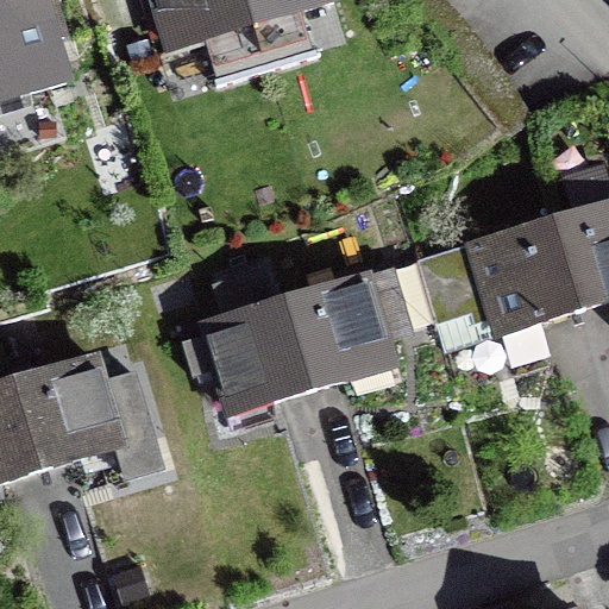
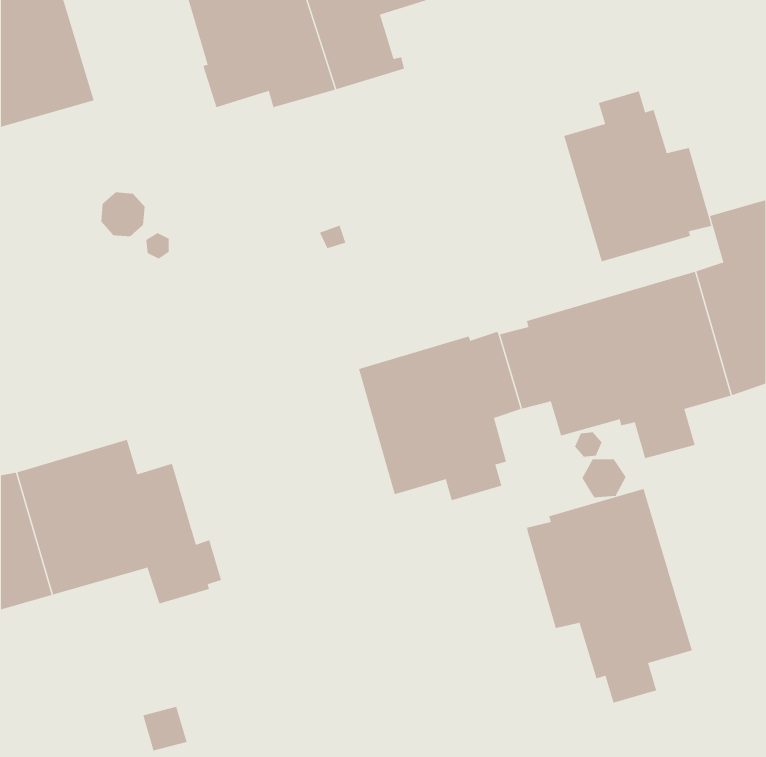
building: none -> [564,91,712,262]
building: [178,265,313,428] -> none
building: none -> [526,488,692,704]

